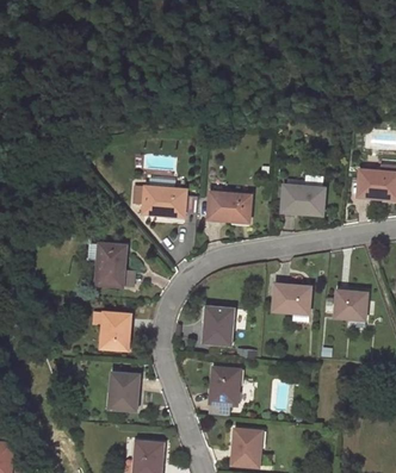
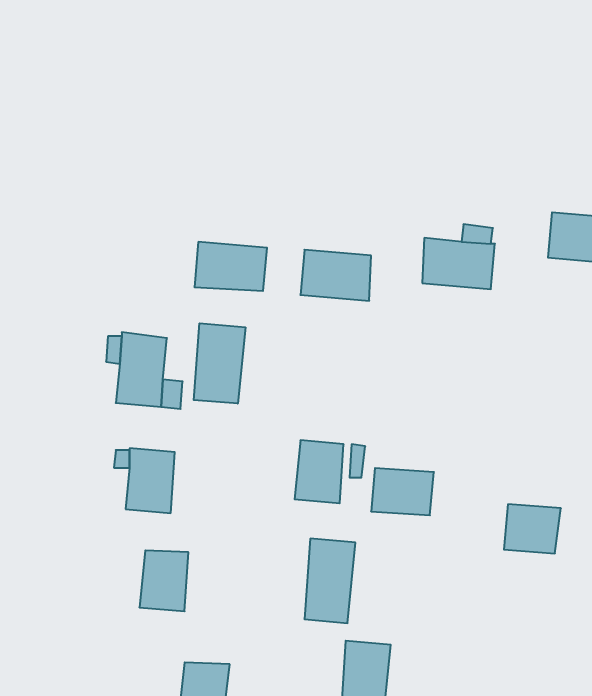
building: none -> [194,323,245,404]
building: [273,284,311,312] -> [371,468,434,515]
building: [334,290,369,319] -> [504,504,561,553]

